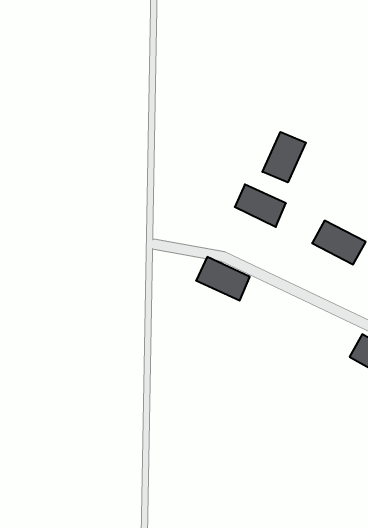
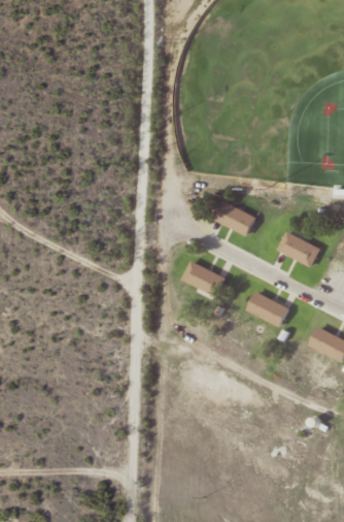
building: [262,132,306,182] -> none
building: none -> [246,291,288,327]

